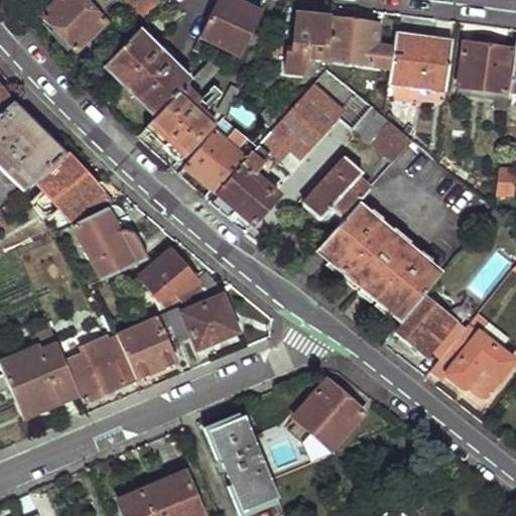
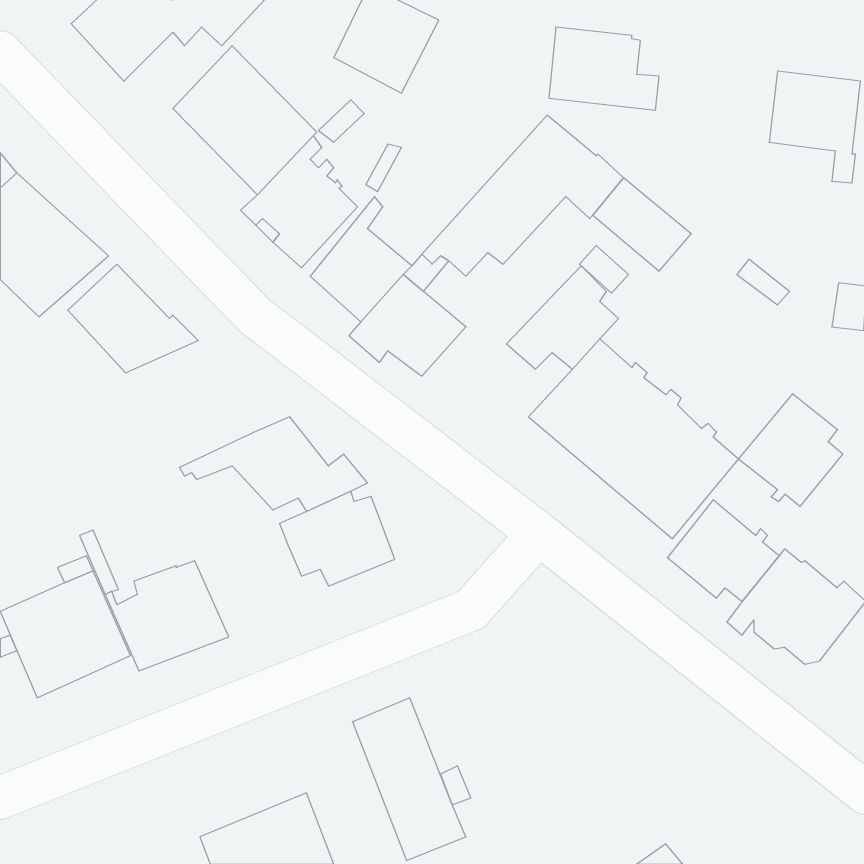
building: [284,11,332,72] -> none
building: [388,33,453,91] -> none
building: [73,208,152,279] -> none
building: none -> [739,394,843,507]
building: [117,311,175,379] -> none
building: [295,380,365,449] -> none

